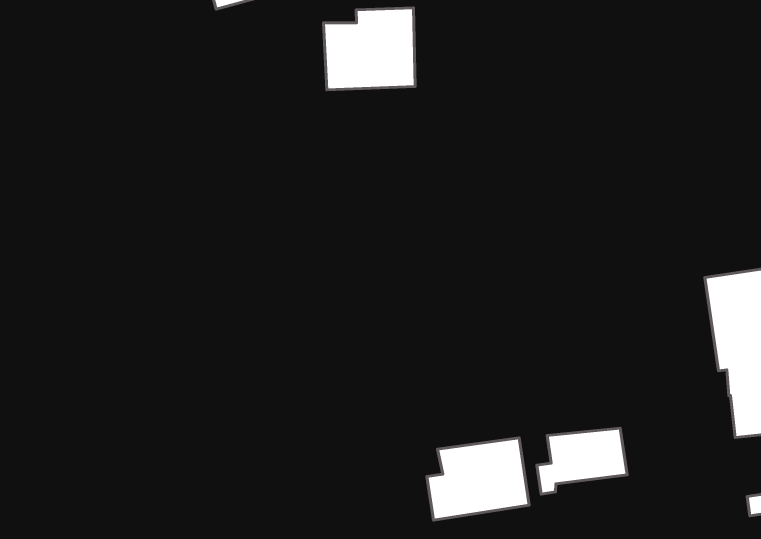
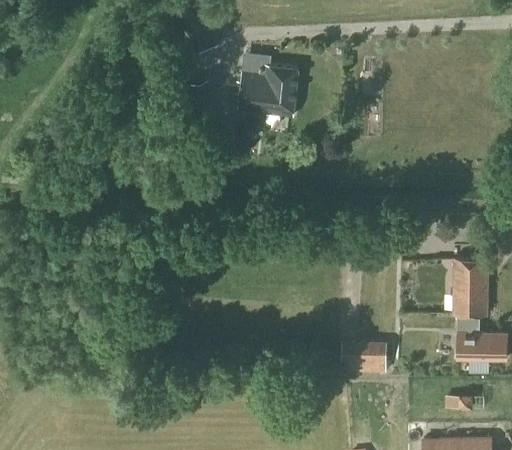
building: [427,438,529,520] -> none

